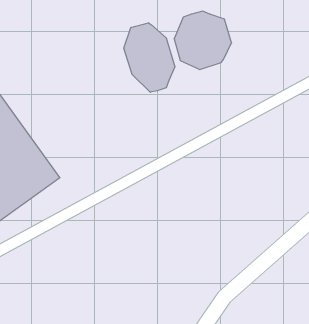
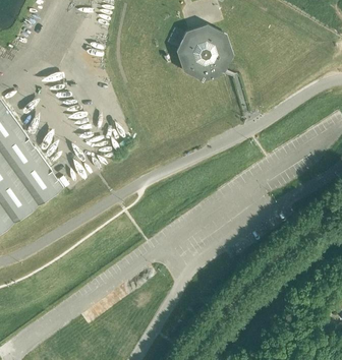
building: [124,23,175,92] -> none

